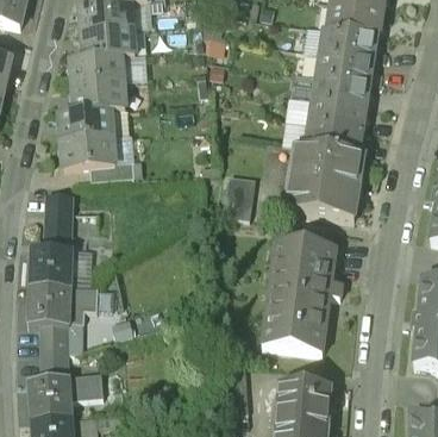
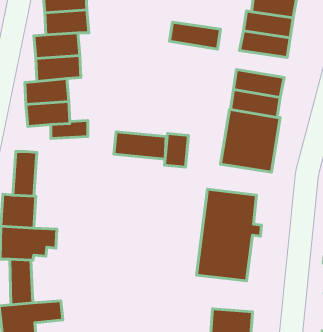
building: [311,76,371,108] -> [170,22,220,49]
building: none -> [114,132,166,159]

